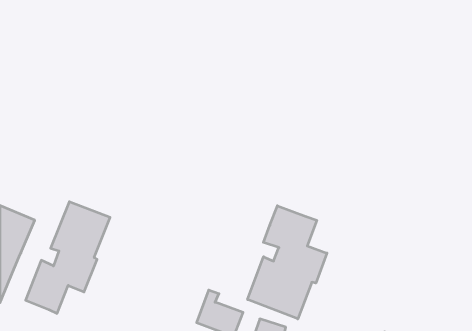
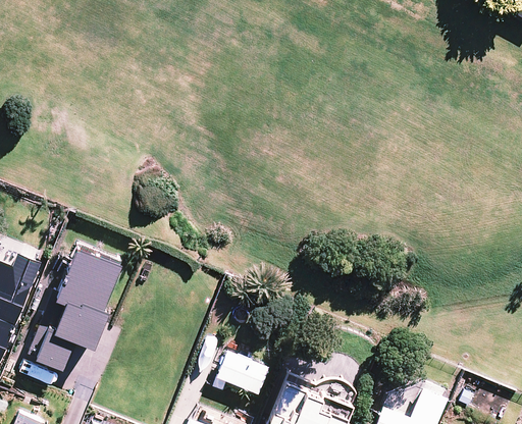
building: [248,206,327,319] -> none

